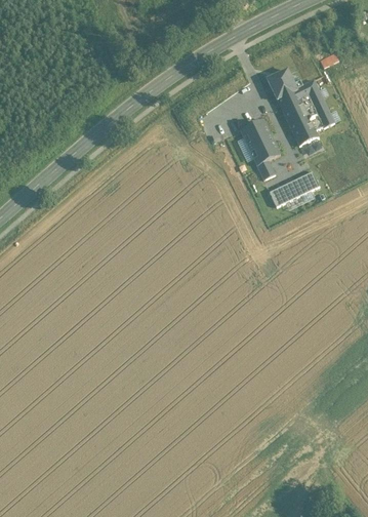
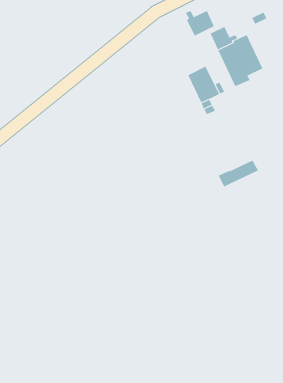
building: none -> [185,10,214,36]
building: [270,172,320,206] -> [218,160,259,187]

